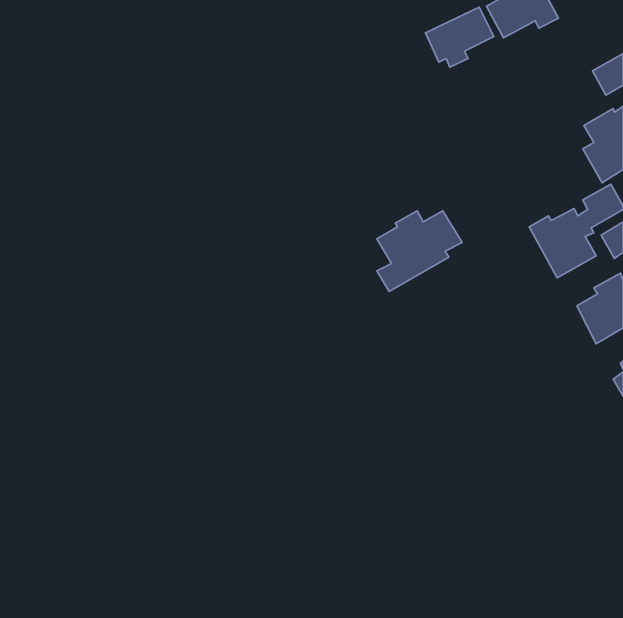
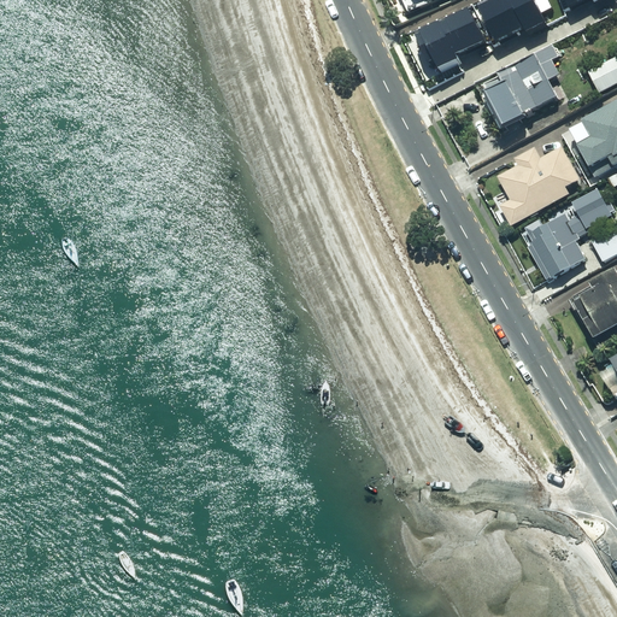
building: none -> [487,46,565,130]
building: [377,211,462,291] -> [496,147,581,227]

